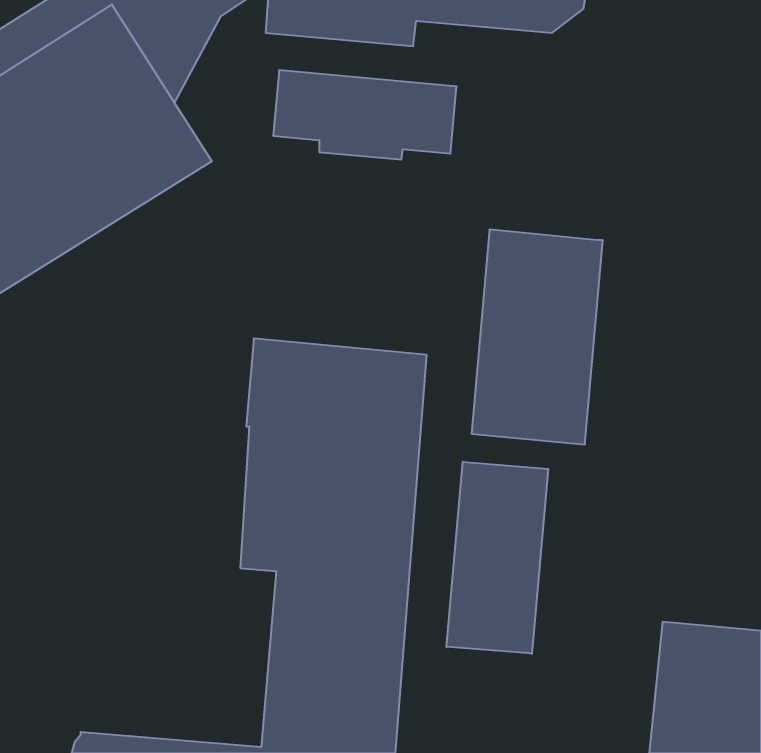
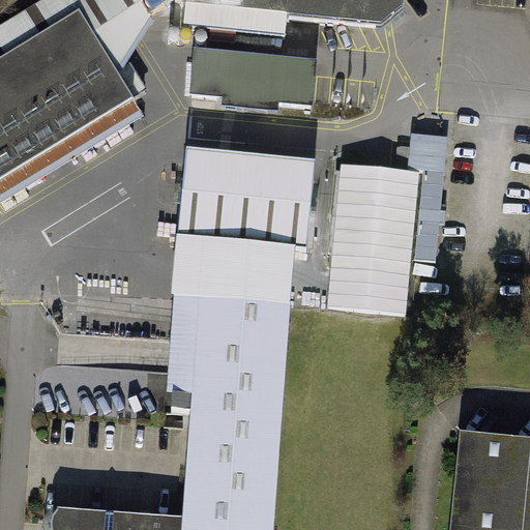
building: none -> [408,128,447,256]
building: none -> [176,148,316,246]
building: [446,462,548,654] -> none

